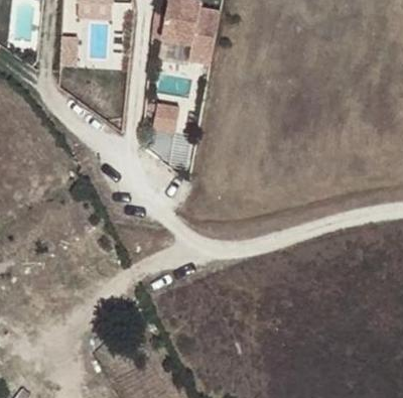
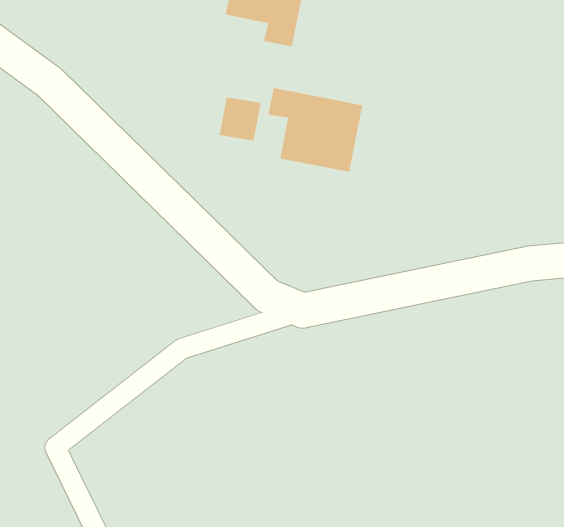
building: none -> [268,87,363,173]

